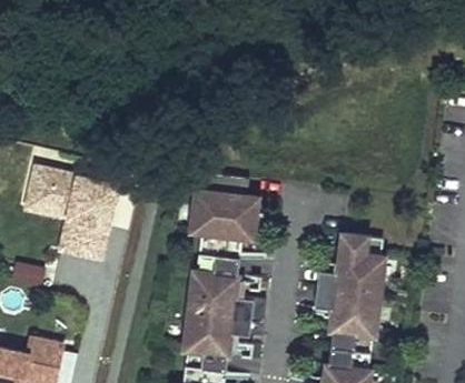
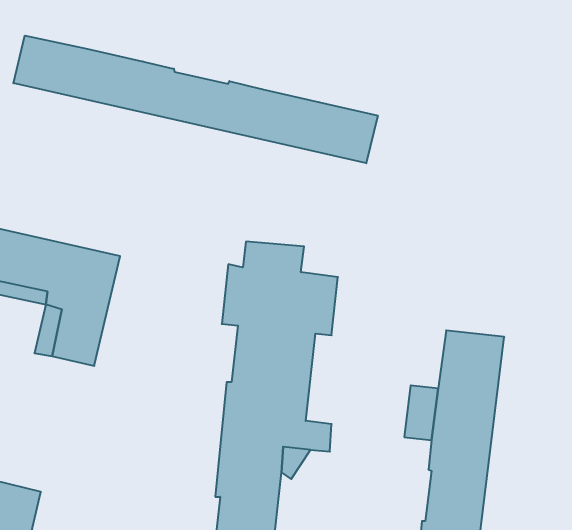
building: none -> [13,36,378,163]

